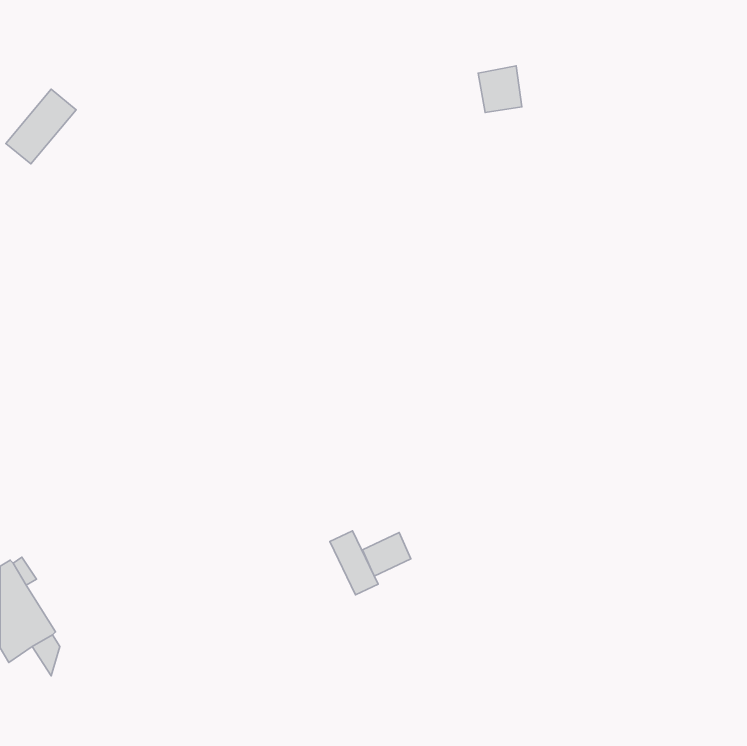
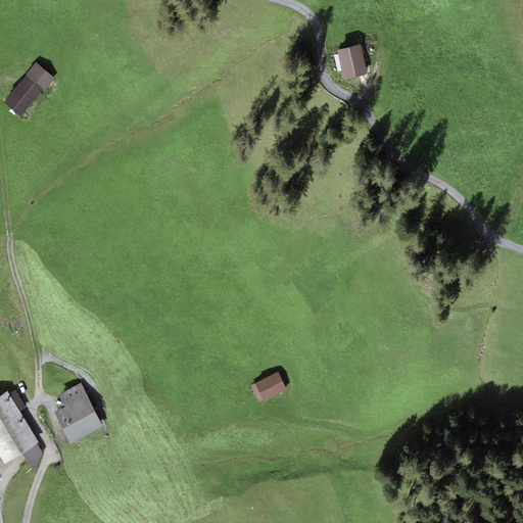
building: [330,531,378,595] -> none
building: none -> [55,384,102,443]

